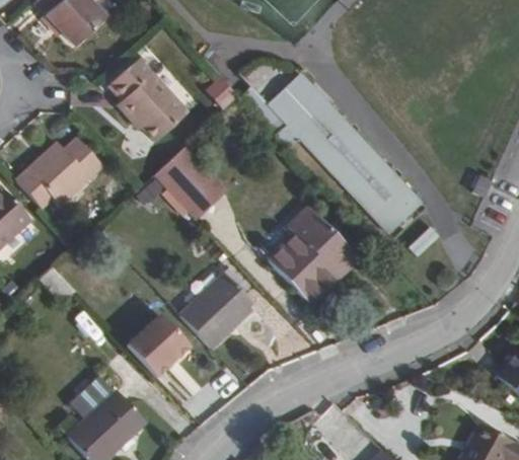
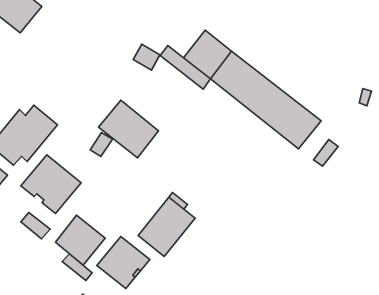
building: [106,60,186,142] -> none
building: none -> [21,155,81,214]
building: [261,201,355,300] -> none
building: none -> [56,215,105,265]

